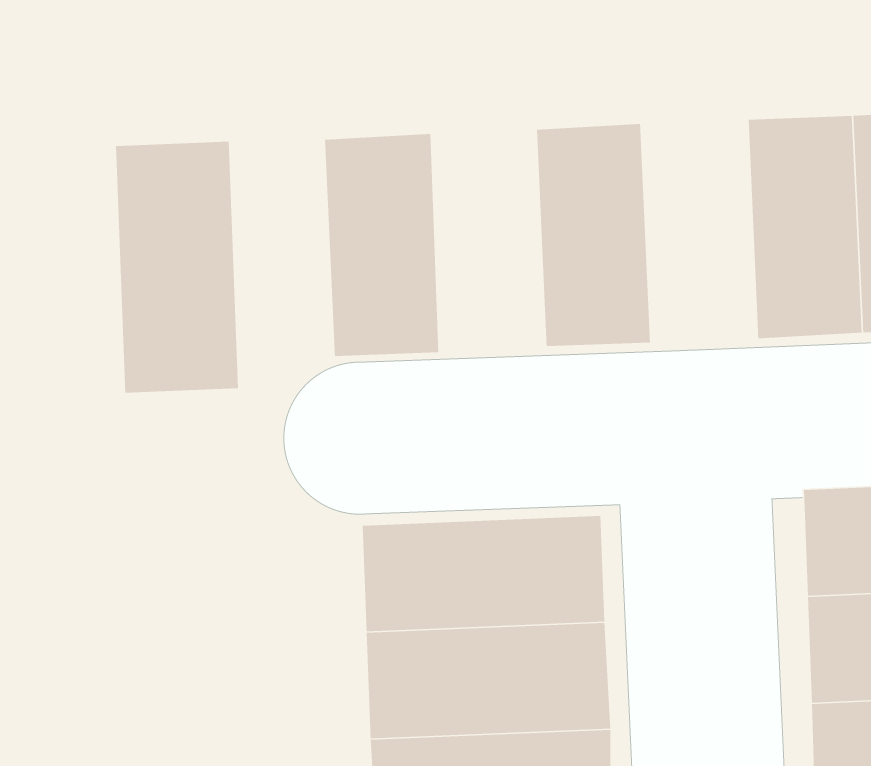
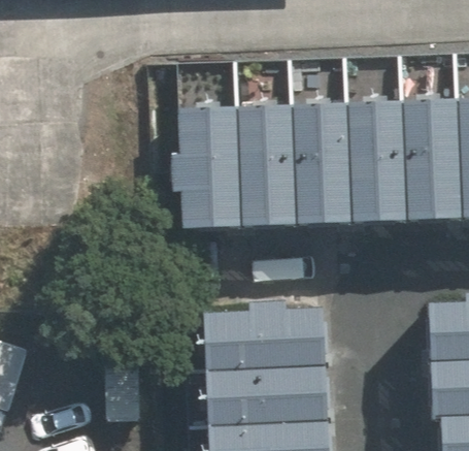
building: none -> [348,104,409,221]
building: none -> [239,109,299,226]
building: [115,141,239,394] -> none

